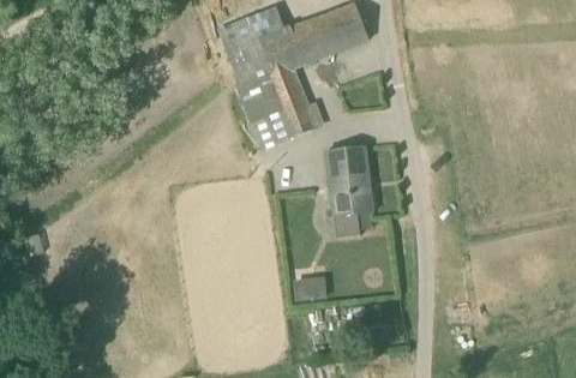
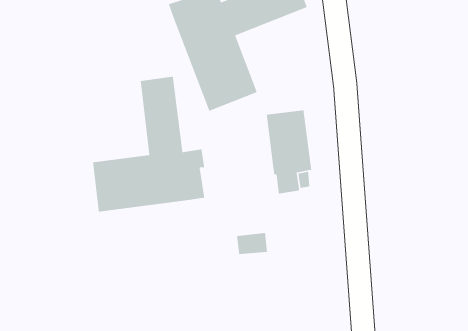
building: none -> [92,76,205,212]

